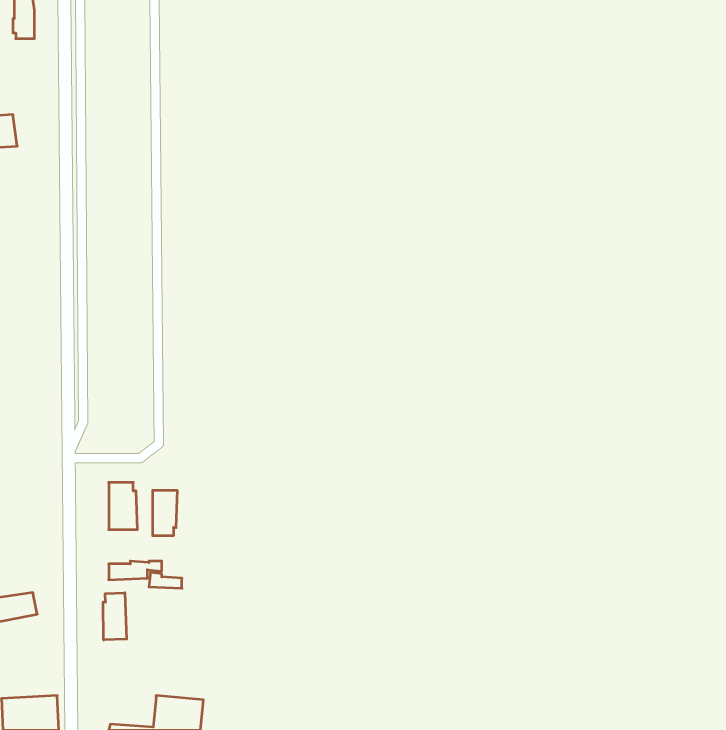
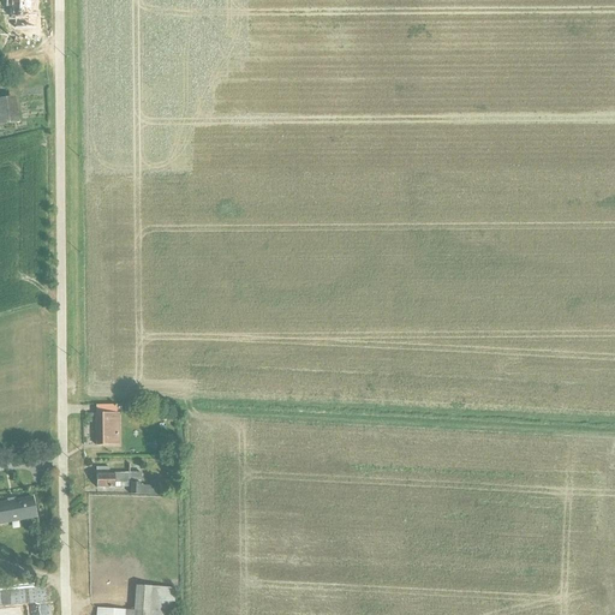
building: [153,490,177,536] -> none
building: [103,593,127,640] -> none

